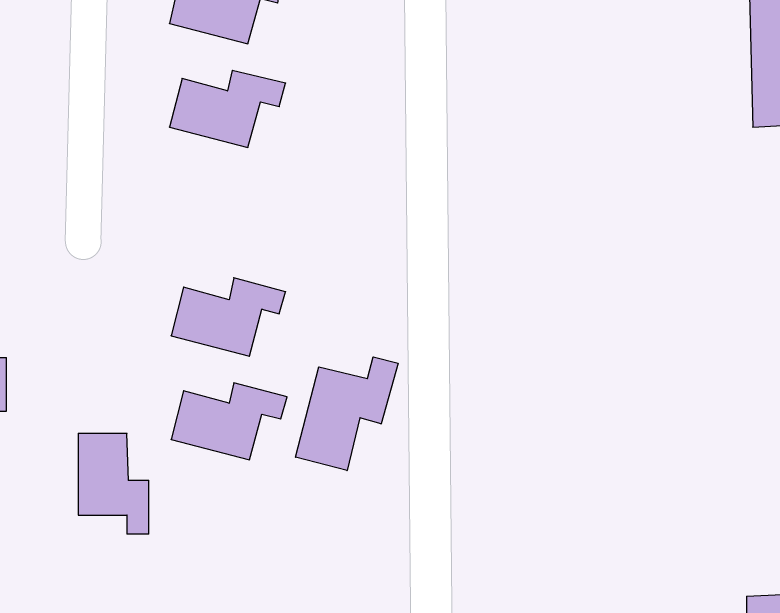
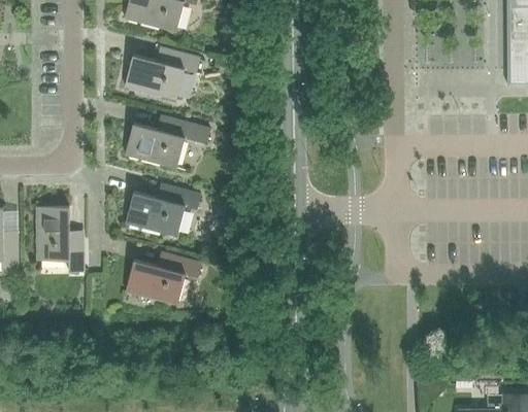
building: none -> [125,116,211,167]
building: [296,357,398,471] -> none
building: [78,433,149,534] -> [37,206,84,272]

